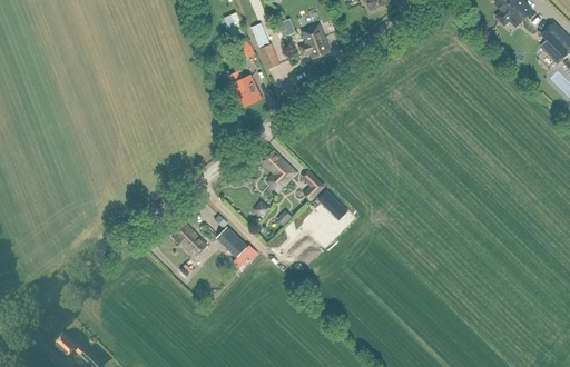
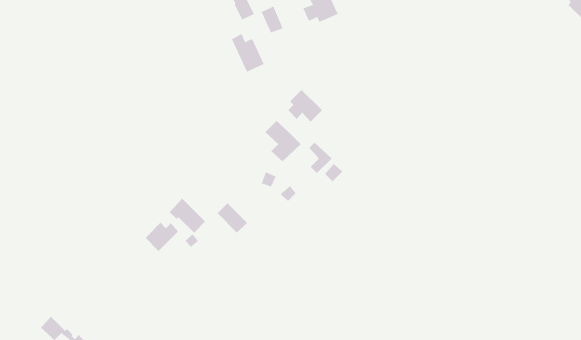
building: none -> [287,89,323,123]
building: none -> [145,222,179,252]

